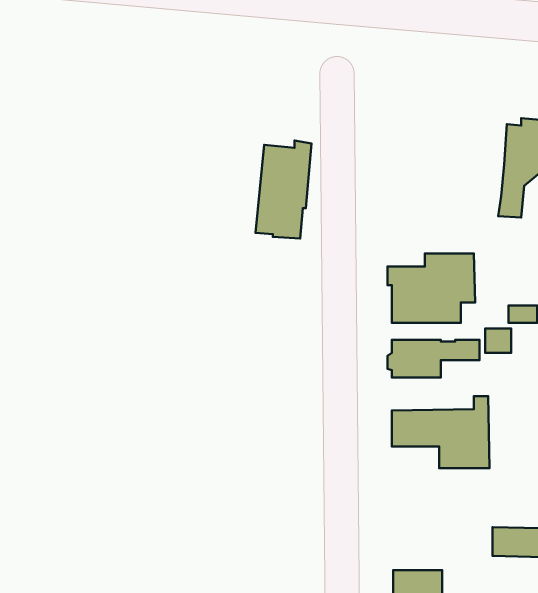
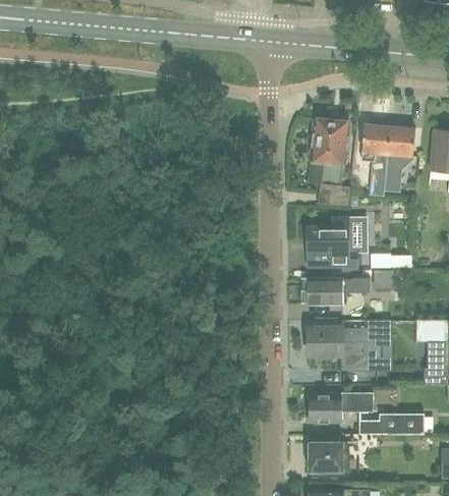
building: none -> [360,119,389,176]
building: [255,141,312,238] -> [308,116,348,185]
building: none -> [307,392,373,423]

